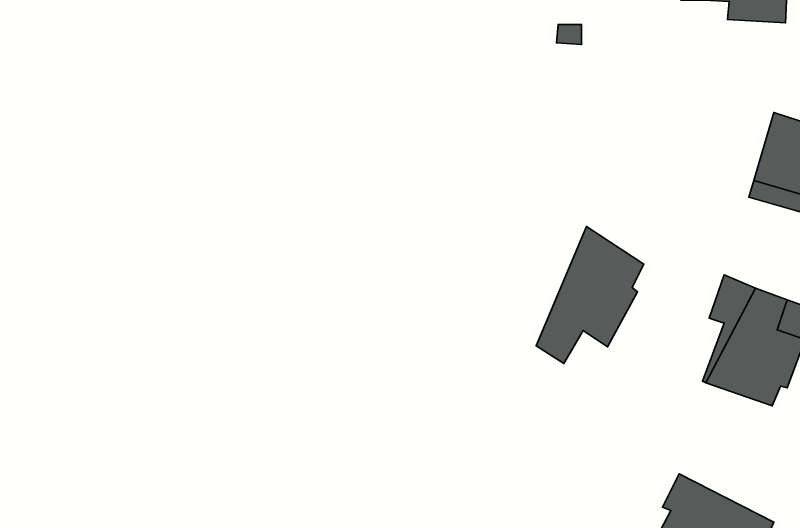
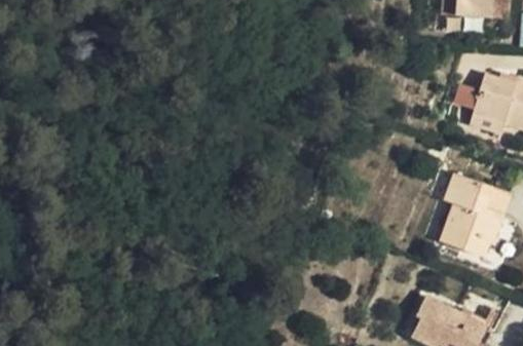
building: [536,226,644,363] -> none

